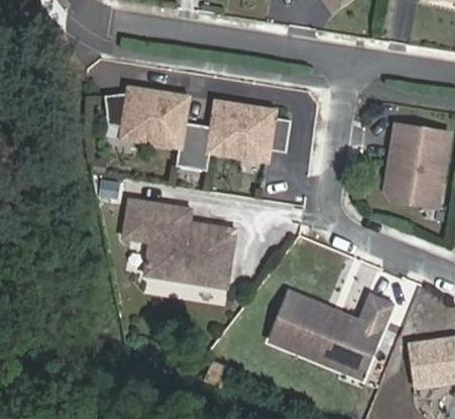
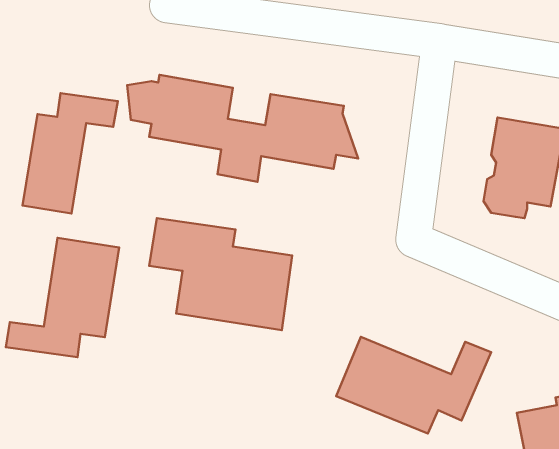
building: none -> [22,93,118,213]
building: none -> [6,238,119,357]

